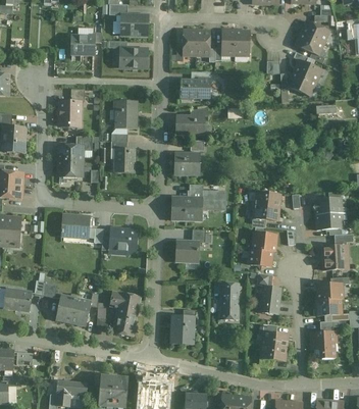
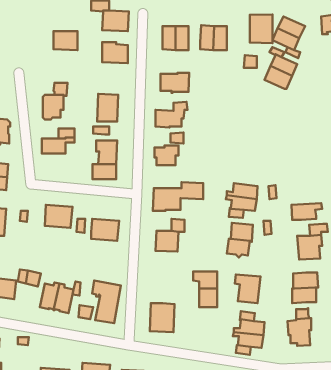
building: none -> [250,14,273,43]
building: [58,161,83,176] -> [92,164,116,179]
building: [312,198,346,214] -> none

